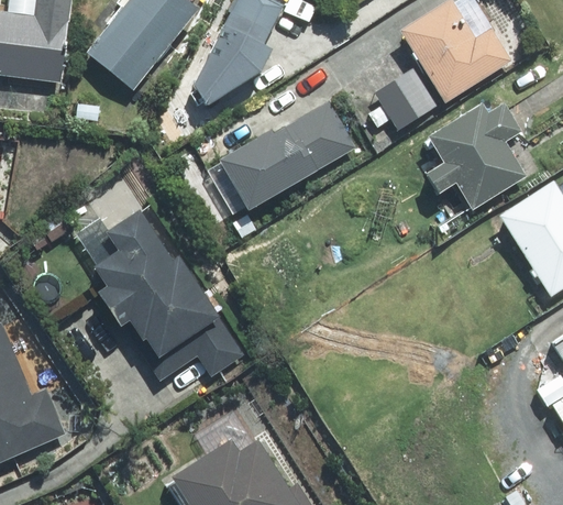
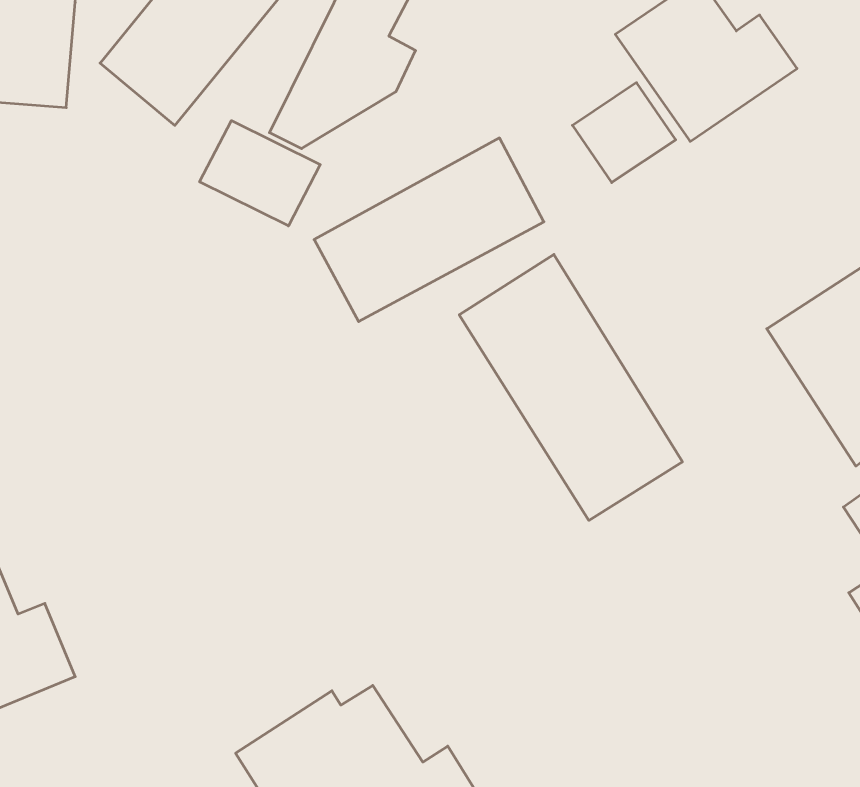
building: none -> [200,121,320,226]
building: [424,102,527,213] -> none
building: none -> [459,254,682,520]
building: [90,211,245,381] -> none

